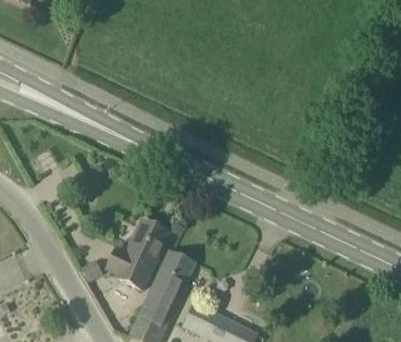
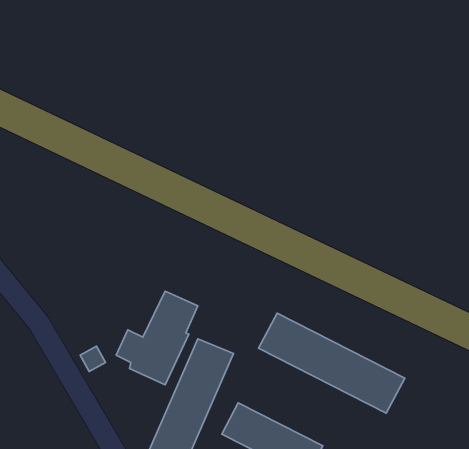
building: none -> [258,313,405,413]

